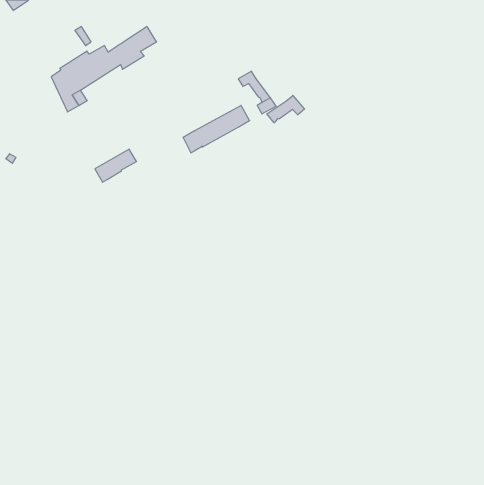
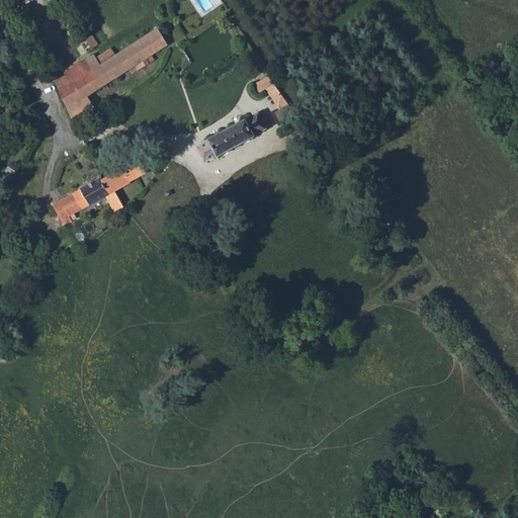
building: [267,95,304,123] -> none
building: none -> [52,178,123,225]

